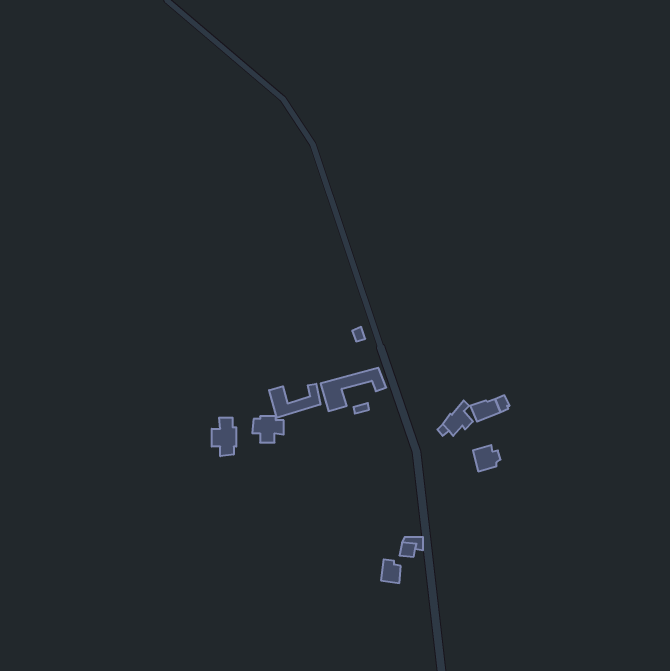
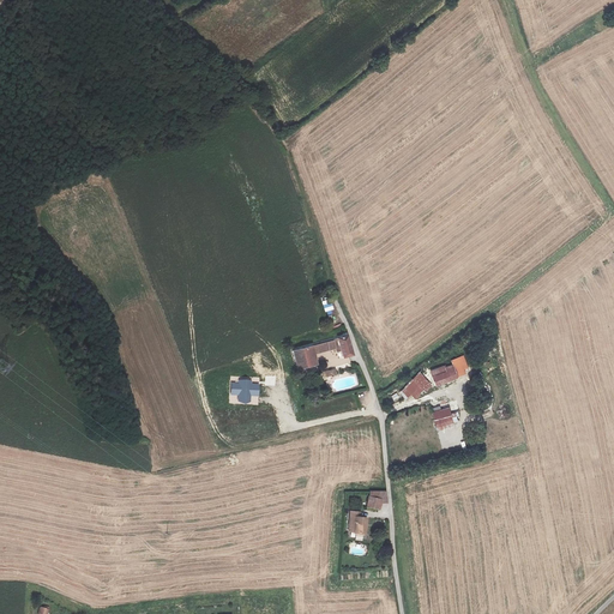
building: [269,384,320,418] -> none
building: [212,418,236,456] -> none

